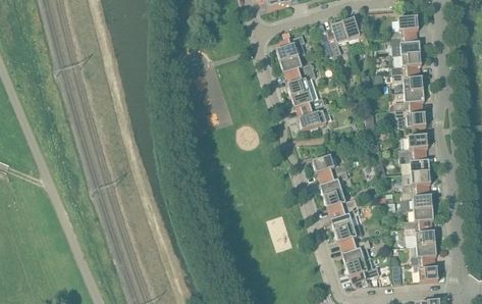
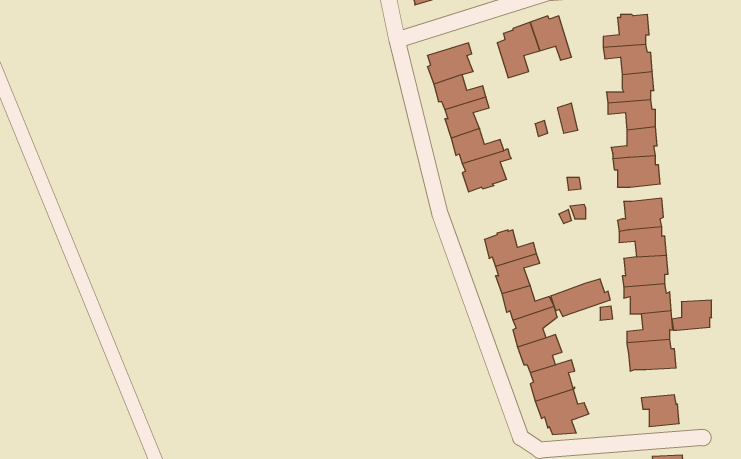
building: none -> [551,279,610,317]
building: [411,244,436,263] -> [672,300,712,330]

